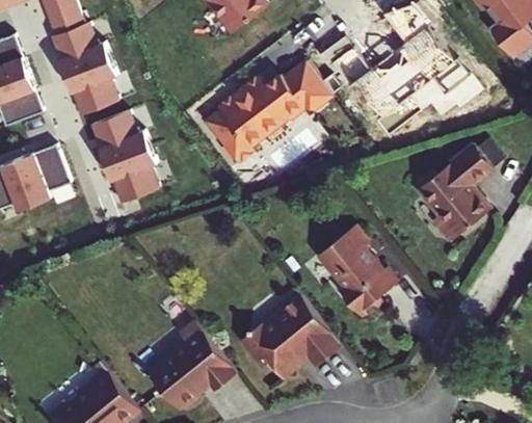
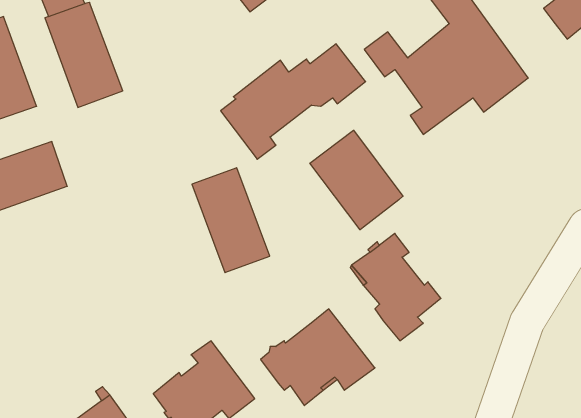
building: [91,111,160,204] -> [192,168,270,273]
building: none -> [310,130,403,230]
building: [418,143,494,241] -> none

